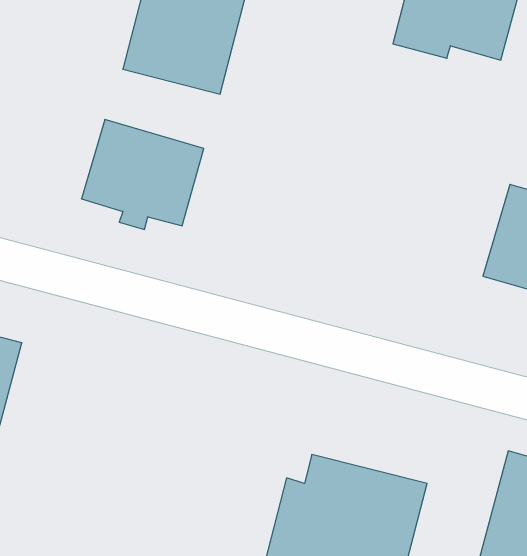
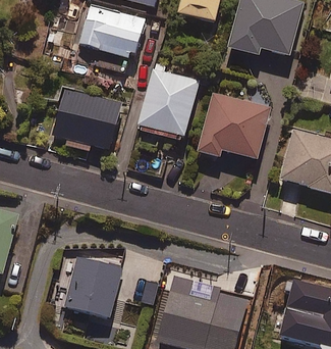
building: none -> [136,62,199,138]
building: none -> [196,91,270,158]
building: none -> [63,254,123,317]

